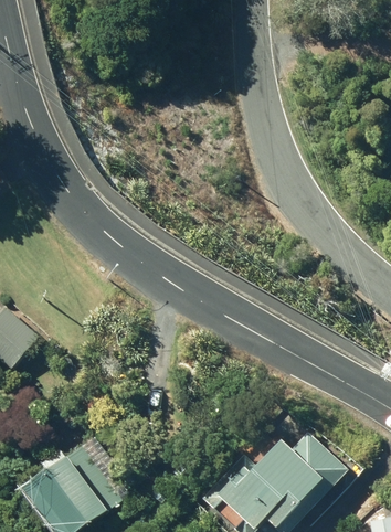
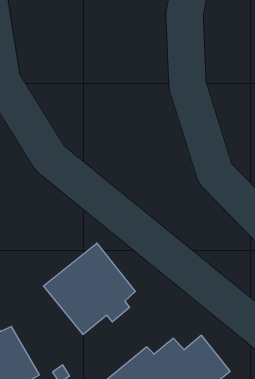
building: none -> [44,243,135,335]

